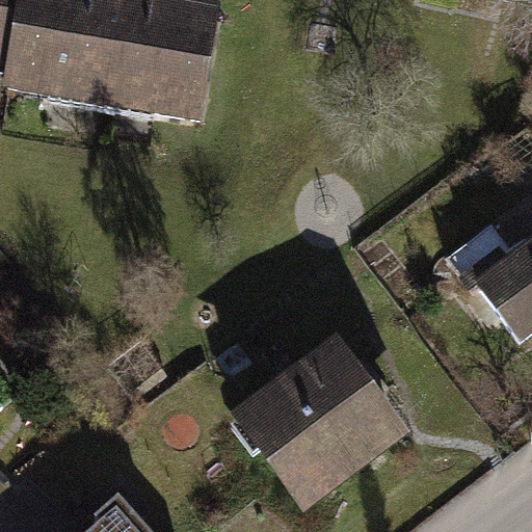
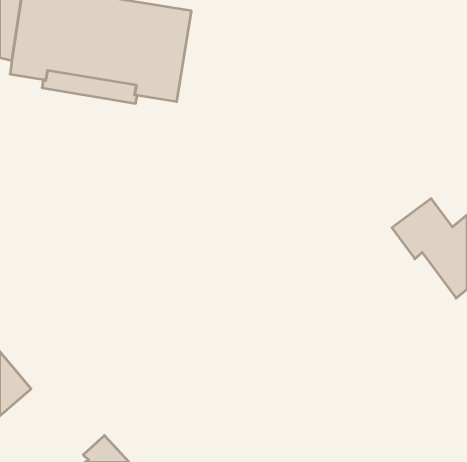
building: [244,350,395,498] -> none

